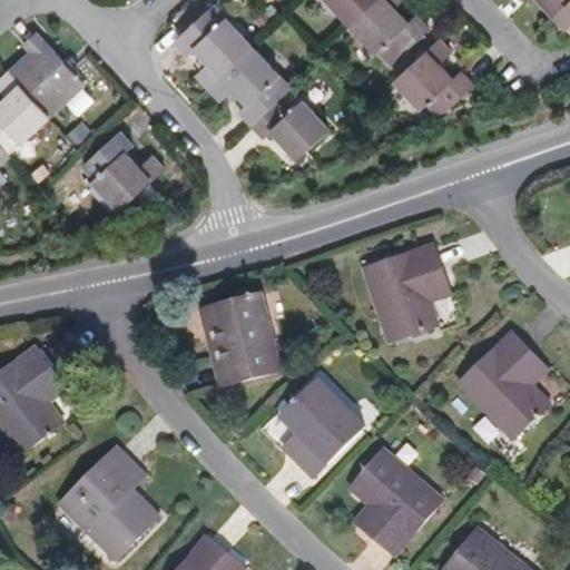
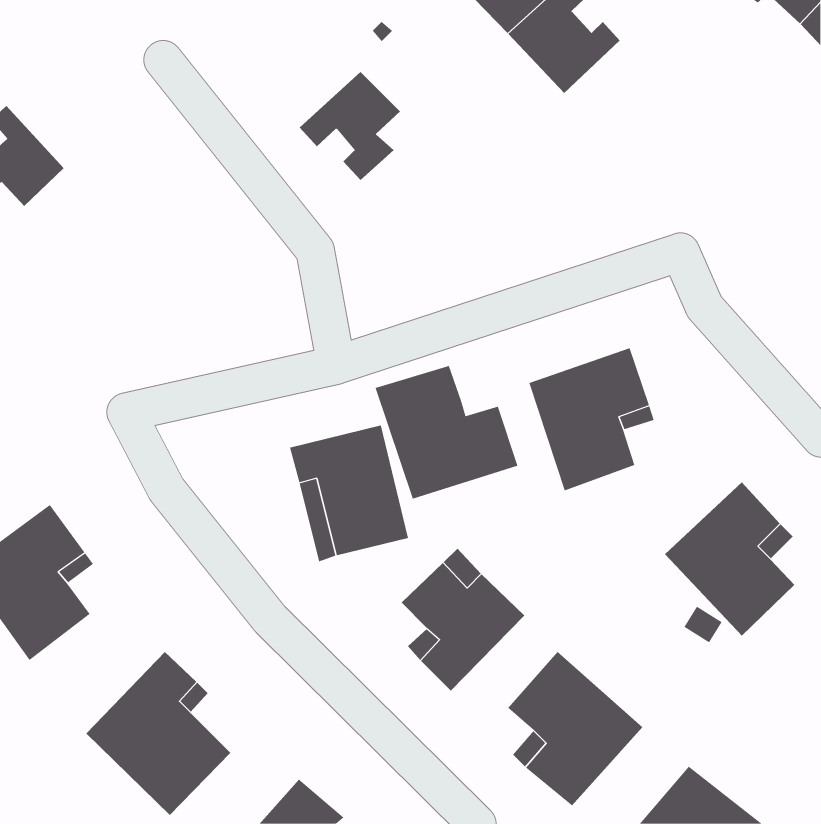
building: [173,10,248,88] -> none
building: [4,31,80,116] -> none
building: [394,39,472,114] -> none
building: [248,101,325,158] -> none
building: [96,129,166,207] -> none
building: none -> [375,365,518,500]

